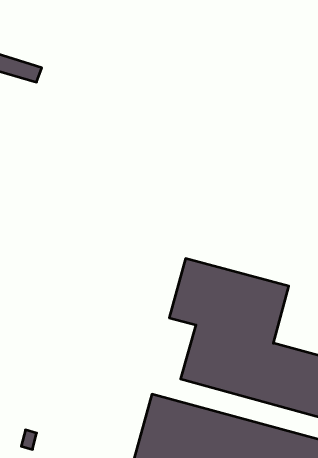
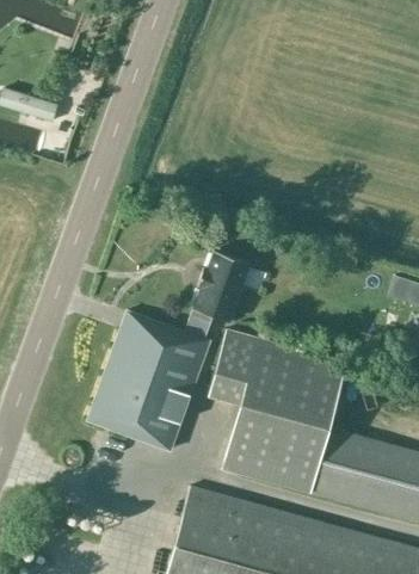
building: none -> [91,251,252,451]

